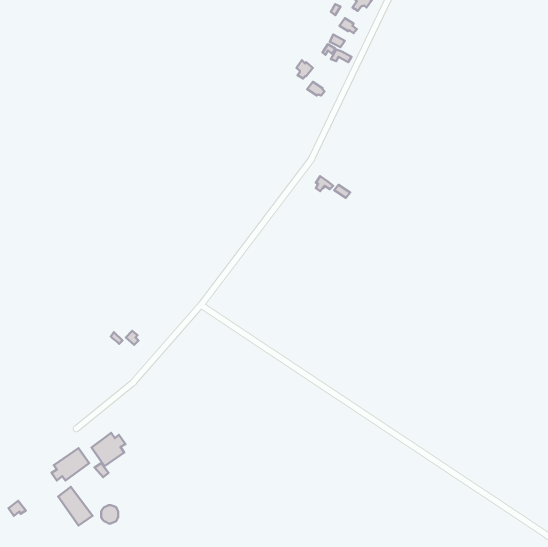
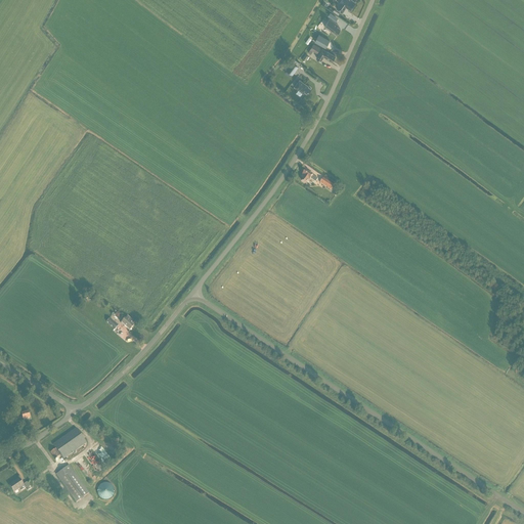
building: [91,433,125,466] -> none

